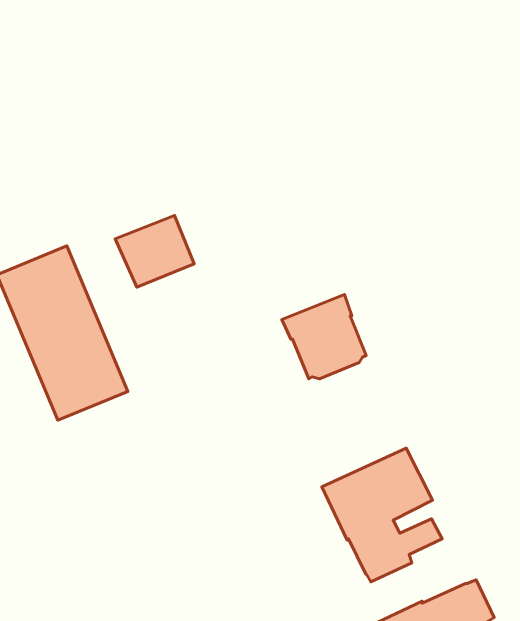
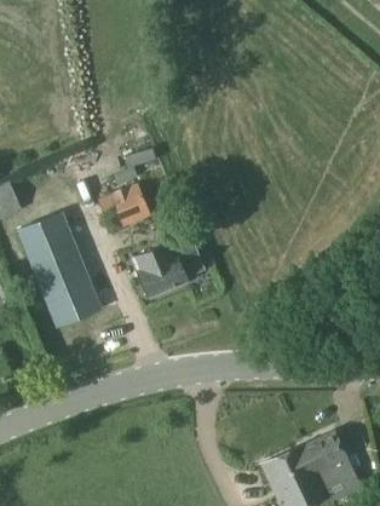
building: [282,294,366,379] -> [129,242,186,299]
building: [322,448,442,582] -> none

